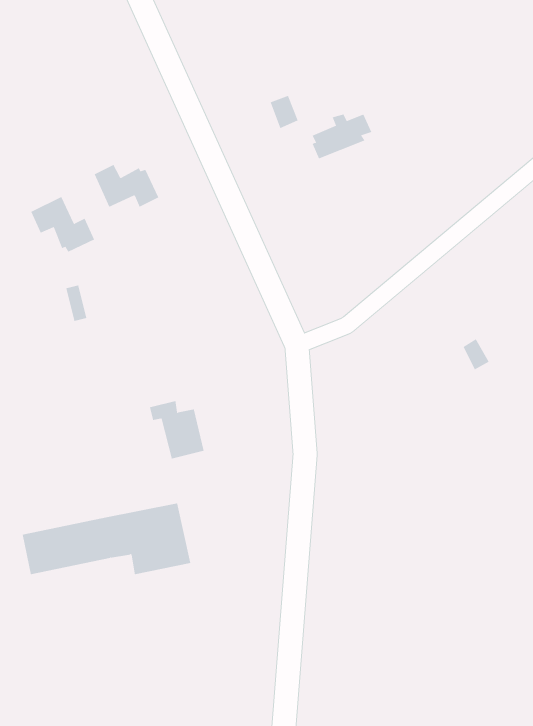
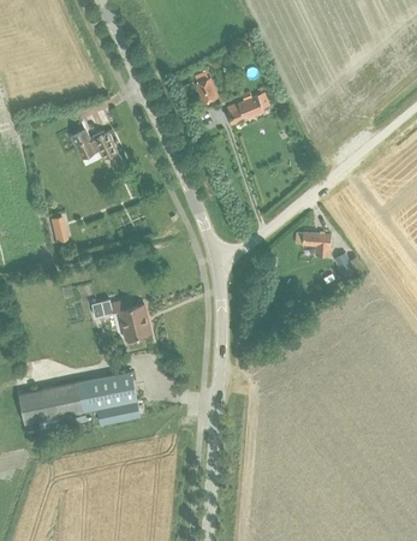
building: [31,196,95,252] -> none
building: none -> [296,232,330,257]

